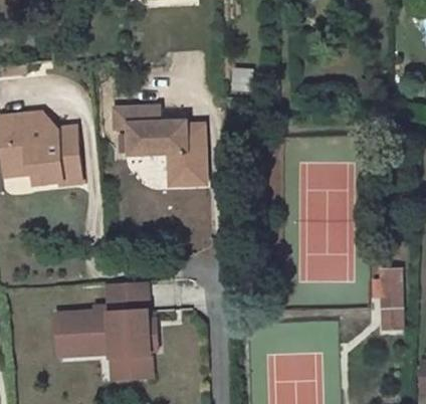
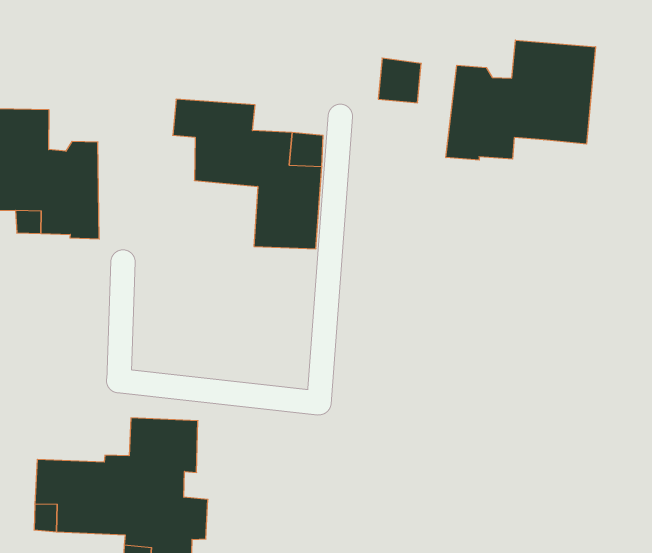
building: none -> [446,40,596,160]
building: [376,268,405,327] -> none

